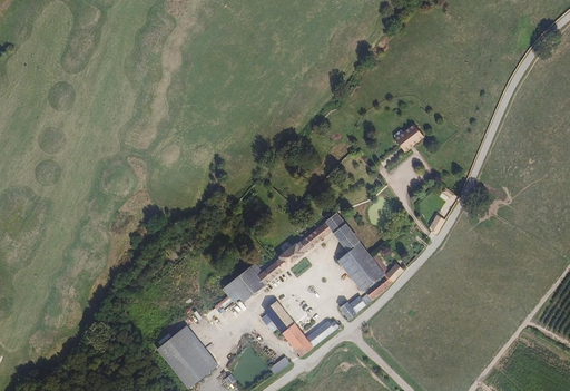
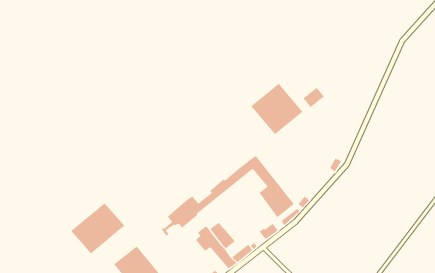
building: none -> [250,83,304,135]
building: none -> [70,202,125,254]

